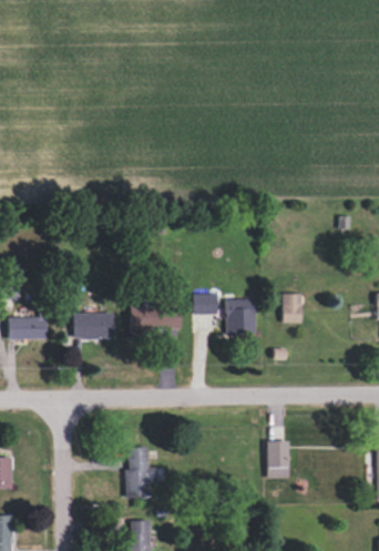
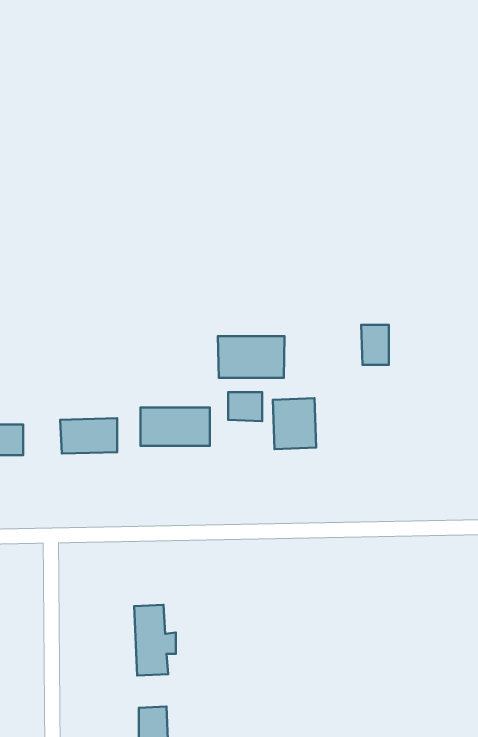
building: none -> [218,336,284,378]
building: [283,294,303,323] -> [361,325,389,365]
building: [267,440,289,479] -> none

